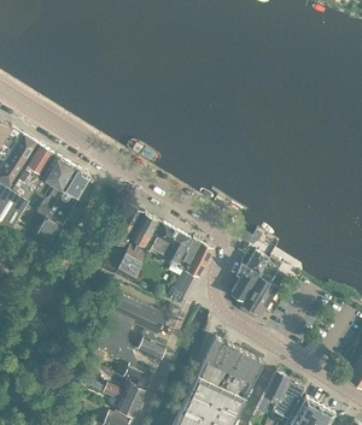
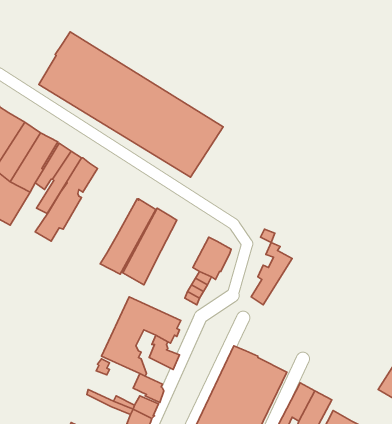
building: none -> [39,32,223,177]
building: [148,223,189,261] -> none
building: [240,256,281,317] -> none

